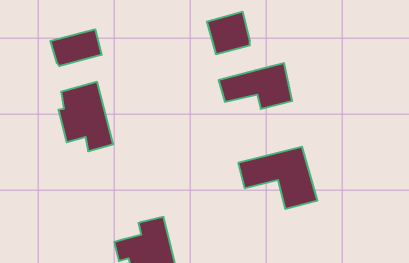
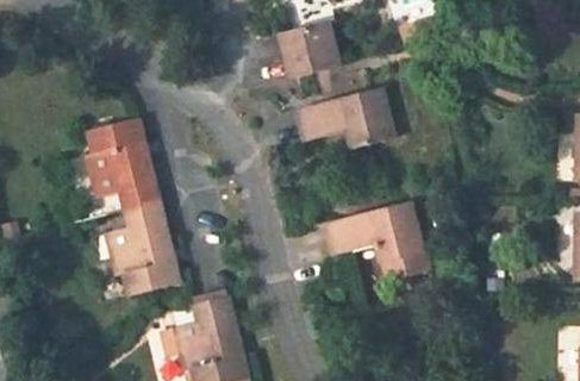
building: [50,29,102,66] -> none
building: none -> [105,198,180,293]

